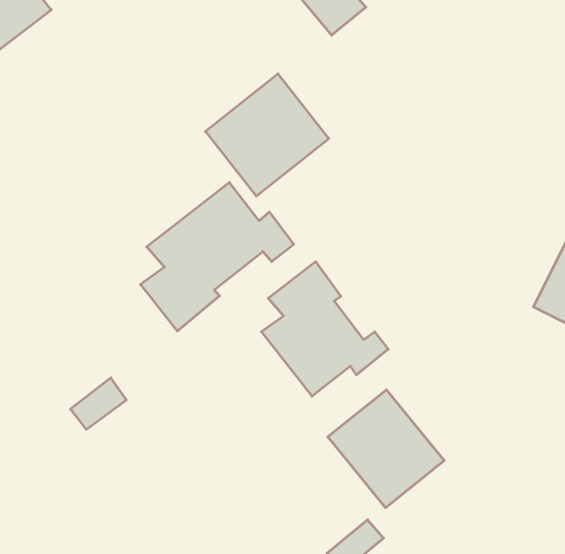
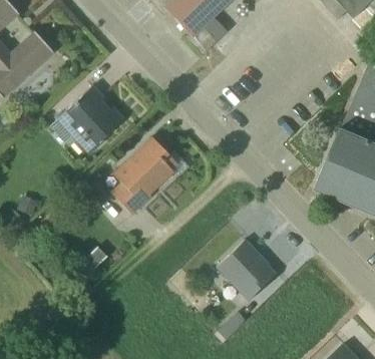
building: [205,74,329,196] -> [58,84,123,149]
building: [261,262,388,396] -> none

